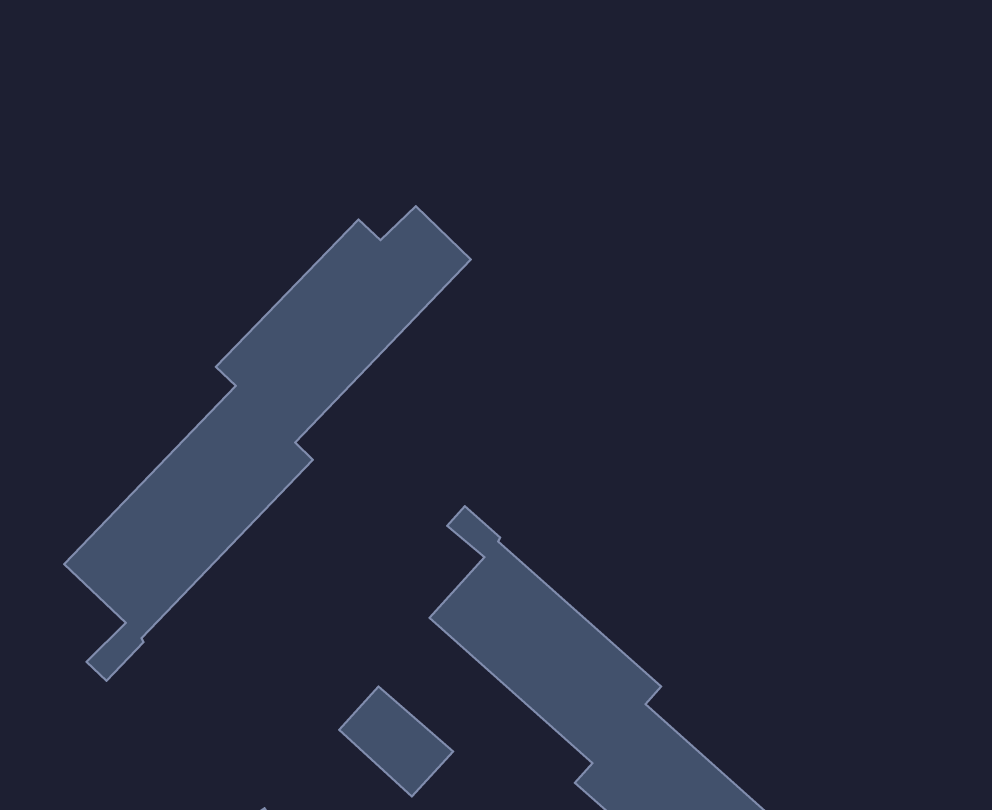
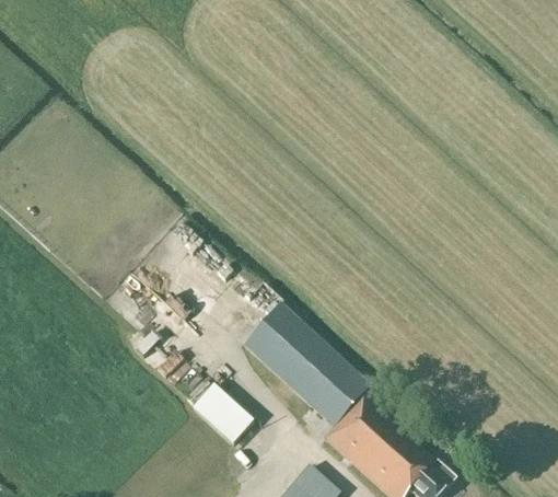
building: [64,206,471,681] -> none

